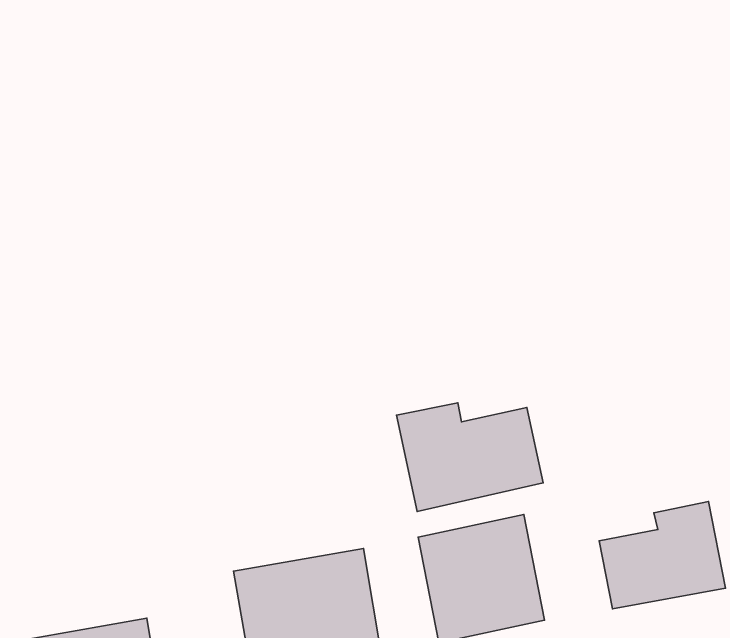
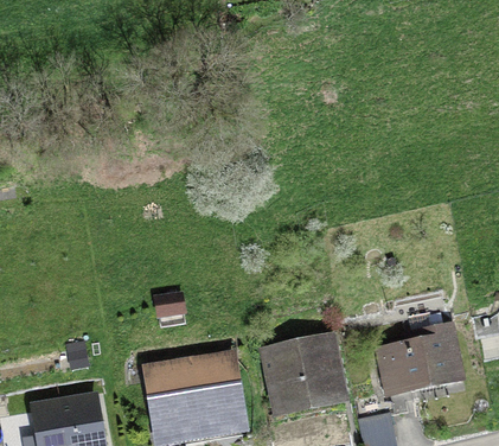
building: [396,403,543,512] -> none

